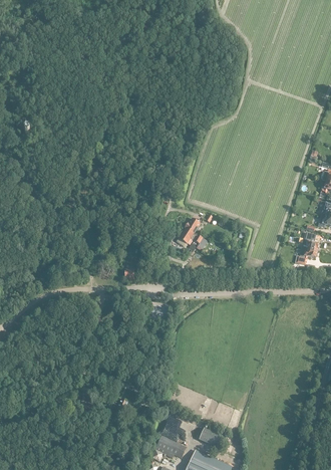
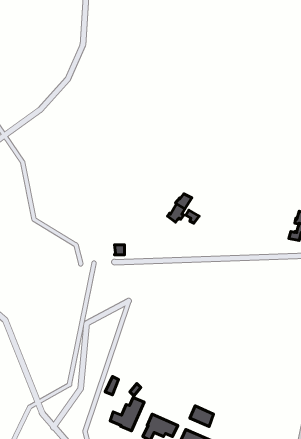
building: none -> [110,397,144,431]

